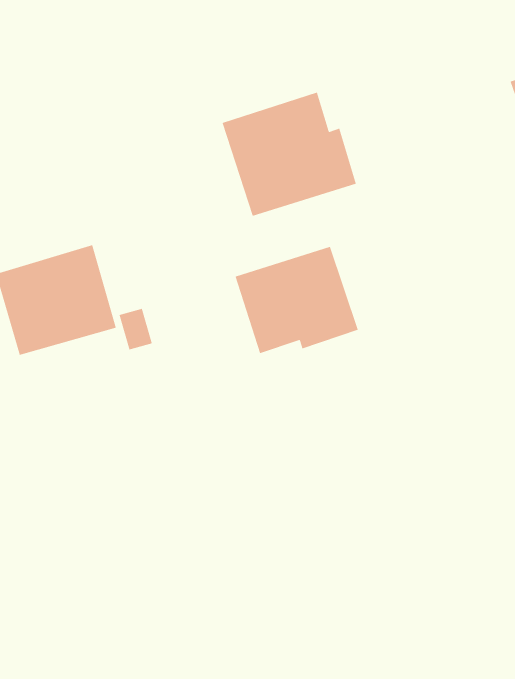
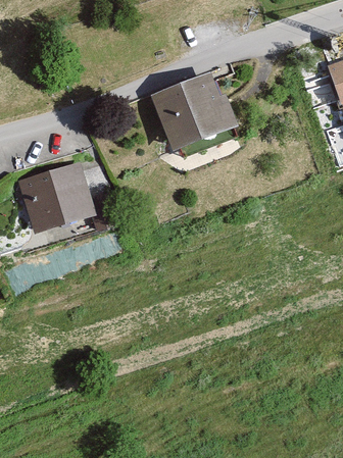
building: [235,246,359,354] -> none

